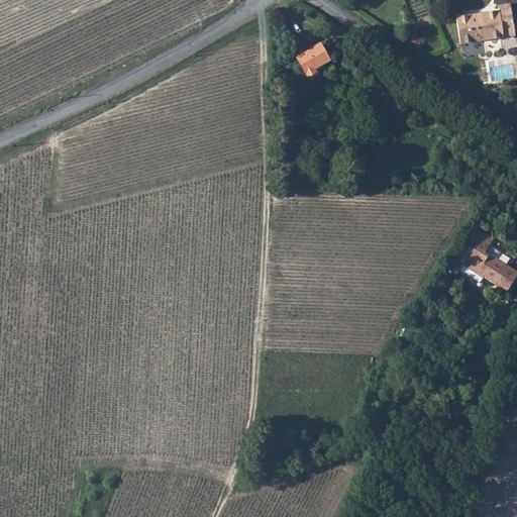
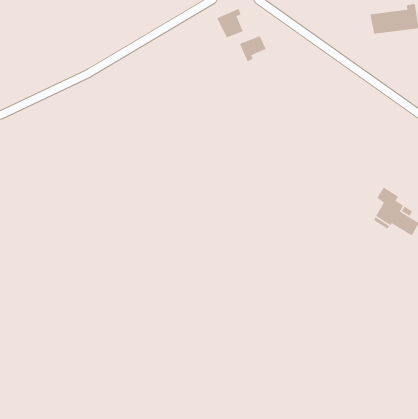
building: none -> [216,8,244,39]

